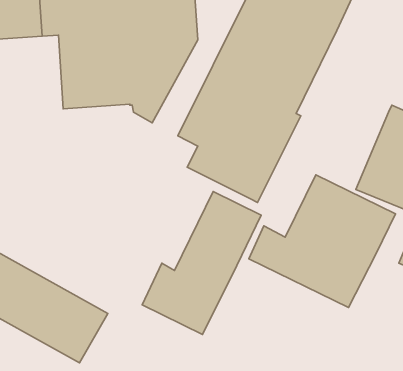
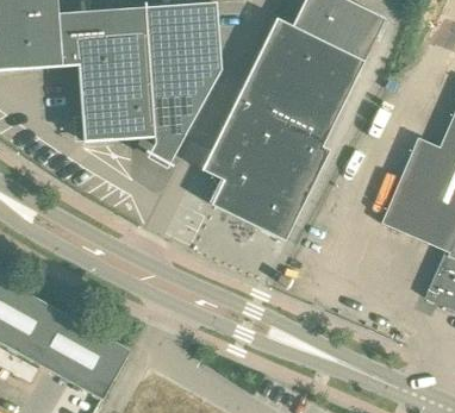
building: [249,175,395,308] -> none
building: [142,192,261,334] -> none

